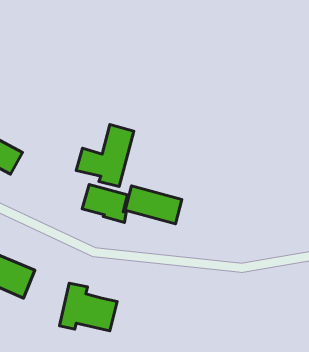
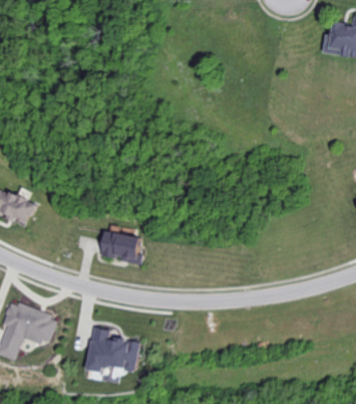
building: [76,124,134,186] -> none
building: [125,186,182,224] -> none

